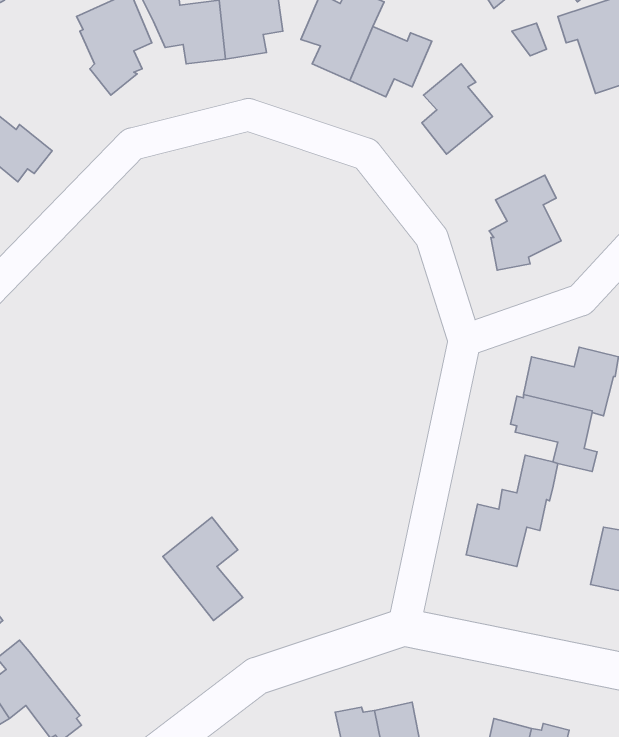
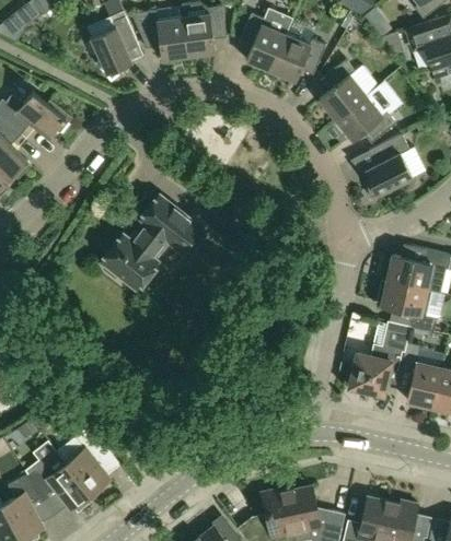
building: none -> [335,94,395,142]
building: none -> [101,195,205,290]
building: none -> [400,342,440,407]
building: [163,517,243,620] -> [56,425,109,494]

